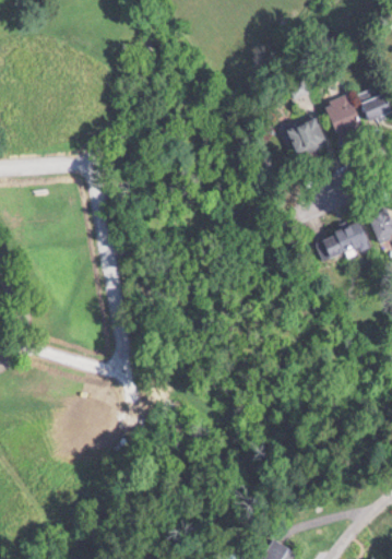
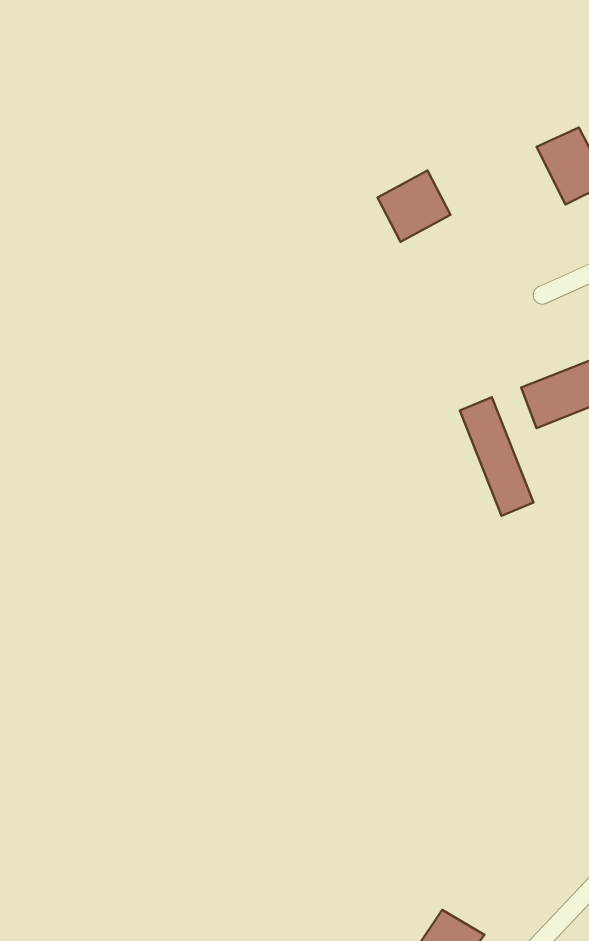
building: [285,117,326,157] -> [377,171,451,242]
building: none -> [460,397,534,516]

